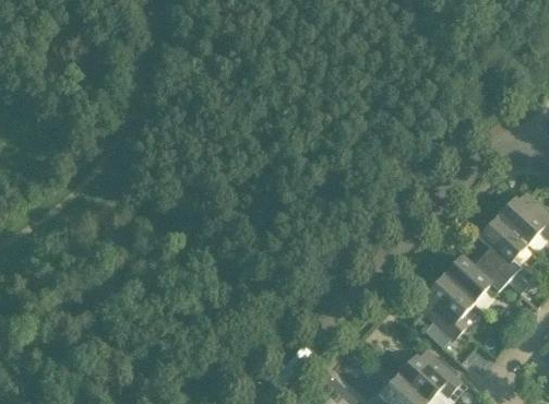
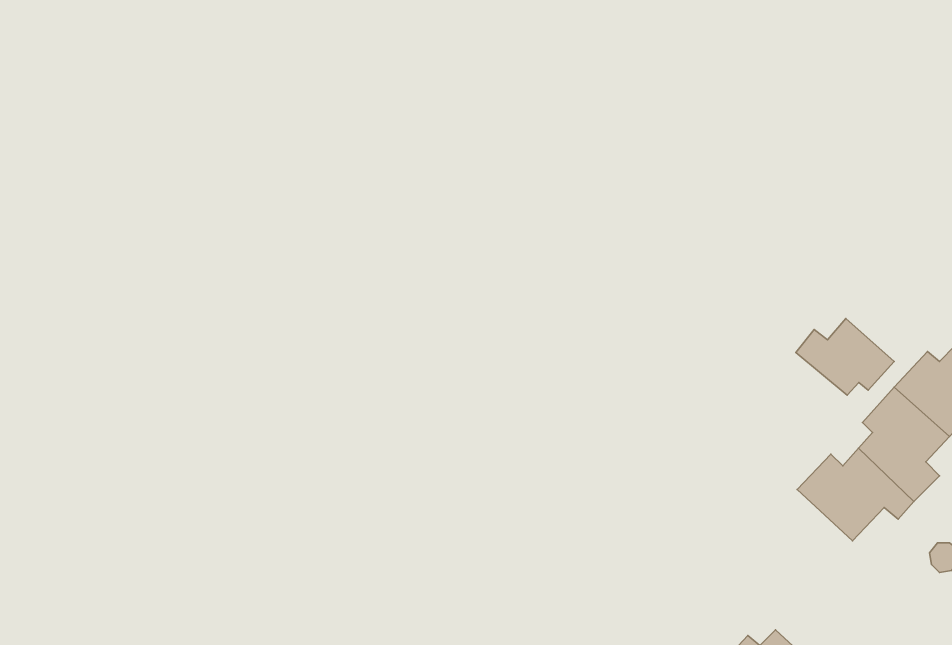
building: none -> [796,318,894,395]
building: [421,275,472,340] -> none

